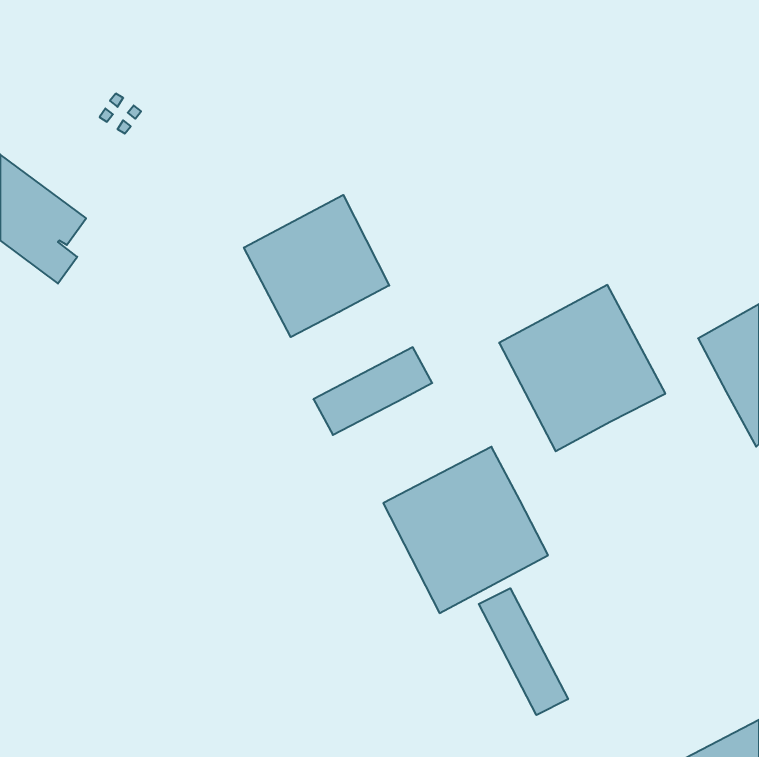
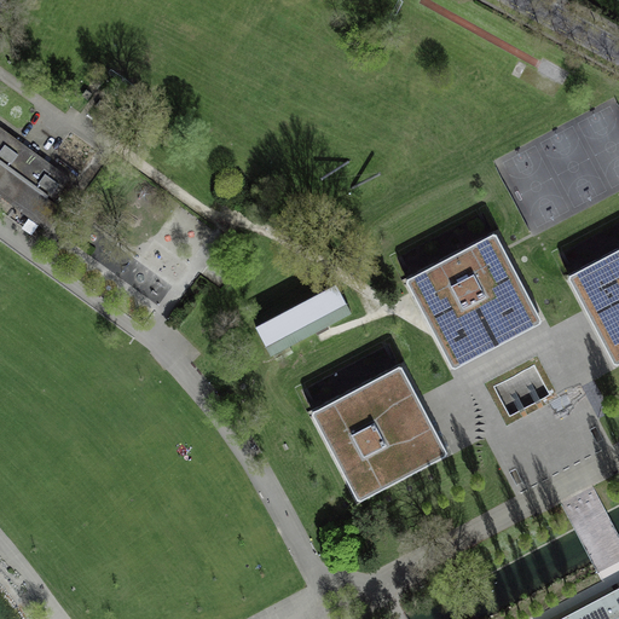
building: [244,195,389,337] -> none
building: [479,588,568,715] -> none

